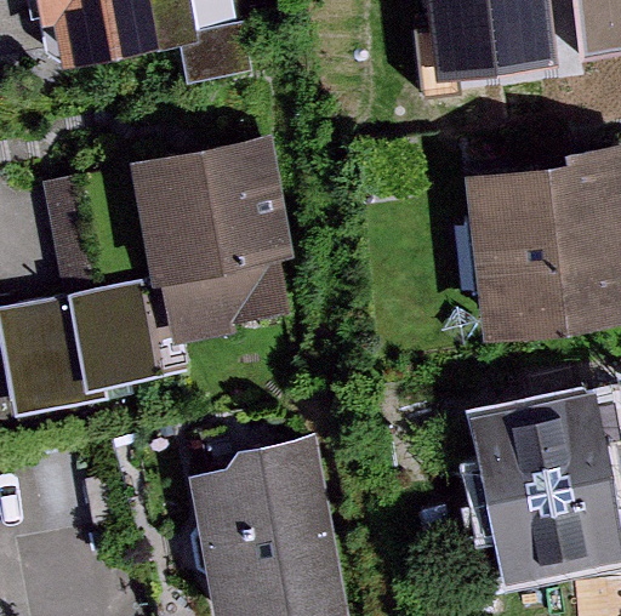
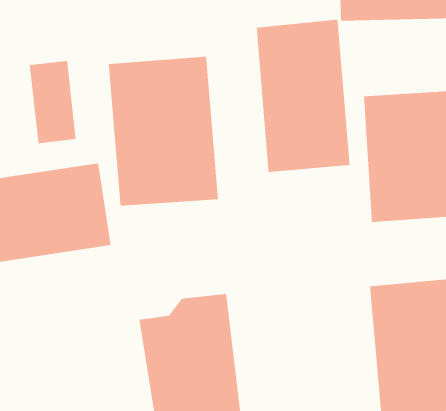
building: none -> [256,19,350,173]

